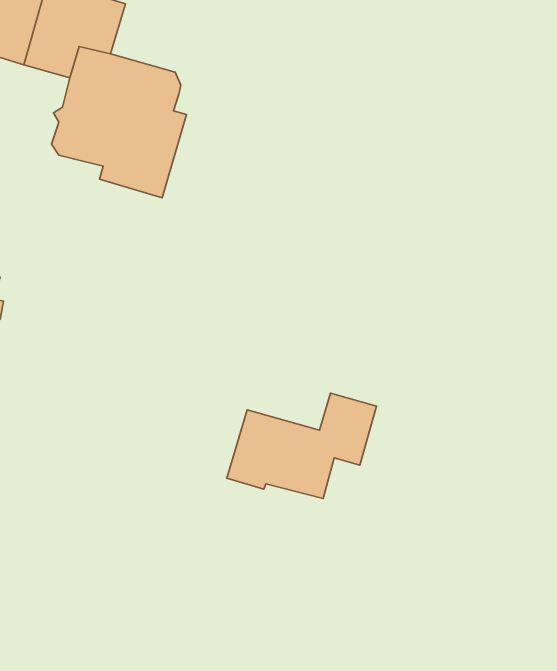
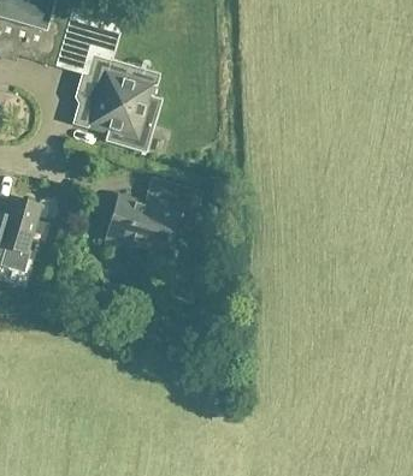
building: [227,393,377,498] -> [104,183,201,251]

